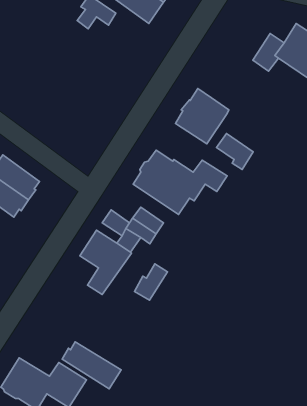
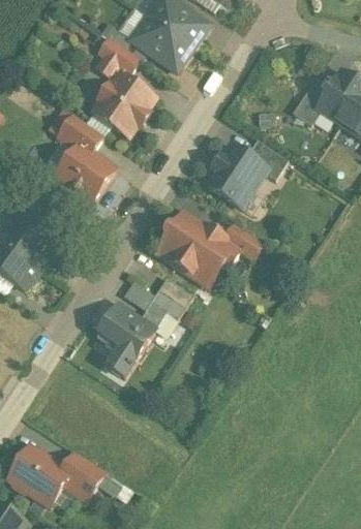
building: none -> [92,73,154,136]
building: none -> [55,114,113,201]
building: [217,134,253,169] -> [245,138,287,179]
building: [134,264,168,300] -> none
building: [62,342,121,389] -> none

